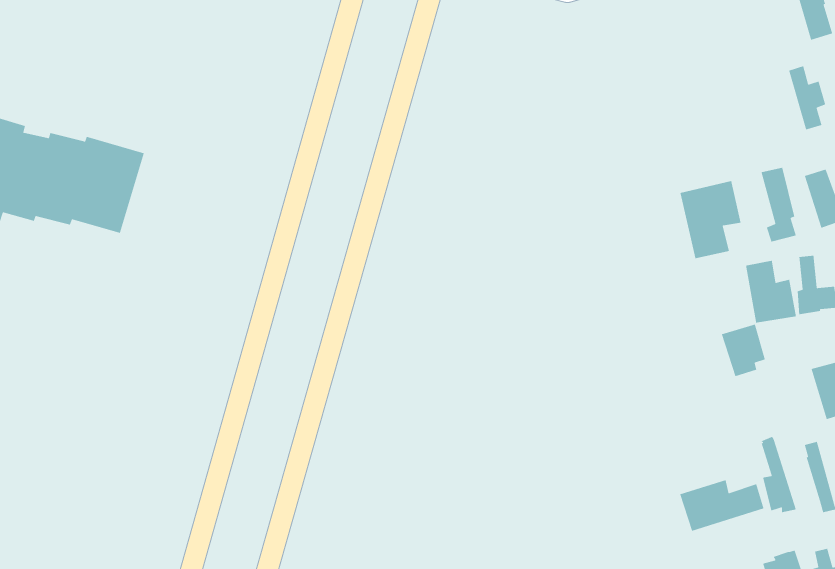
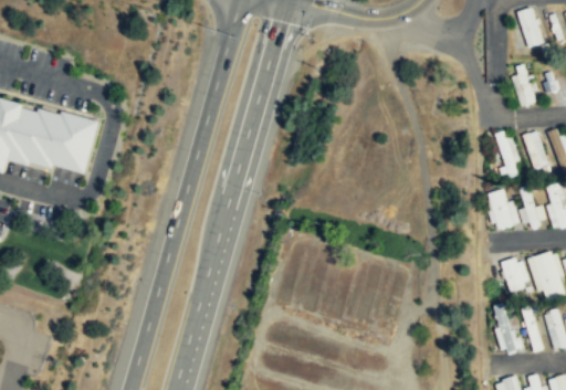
building: [680,180,741,259] -> none
building: [721,324,766,377] -> [500,257,528,292]
building: [679,479,765,532] -> none

